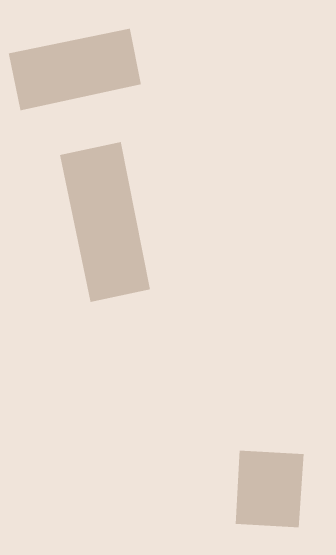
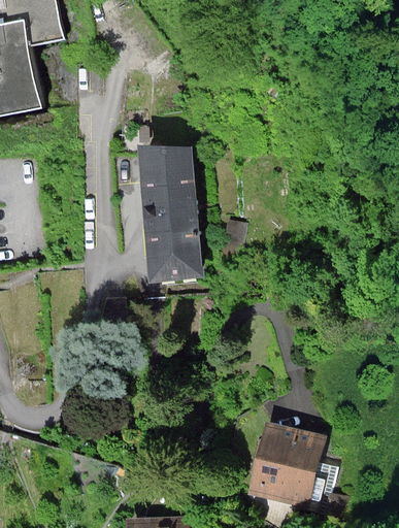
building: [8,28,142,111] -> none

